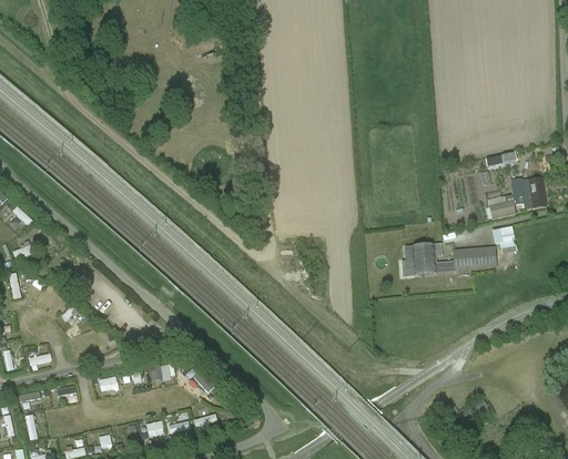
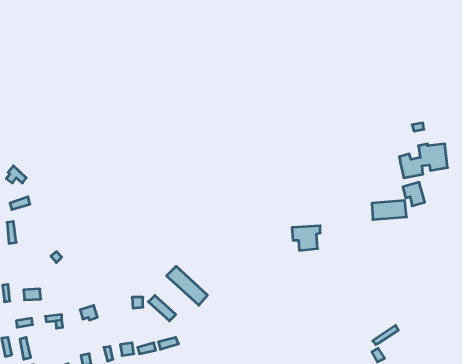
building: [404,244,438,274] -> [292,226,320,250]
building: none -> [167,266,207,305]

